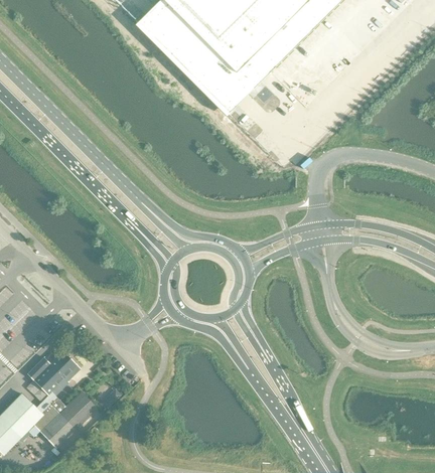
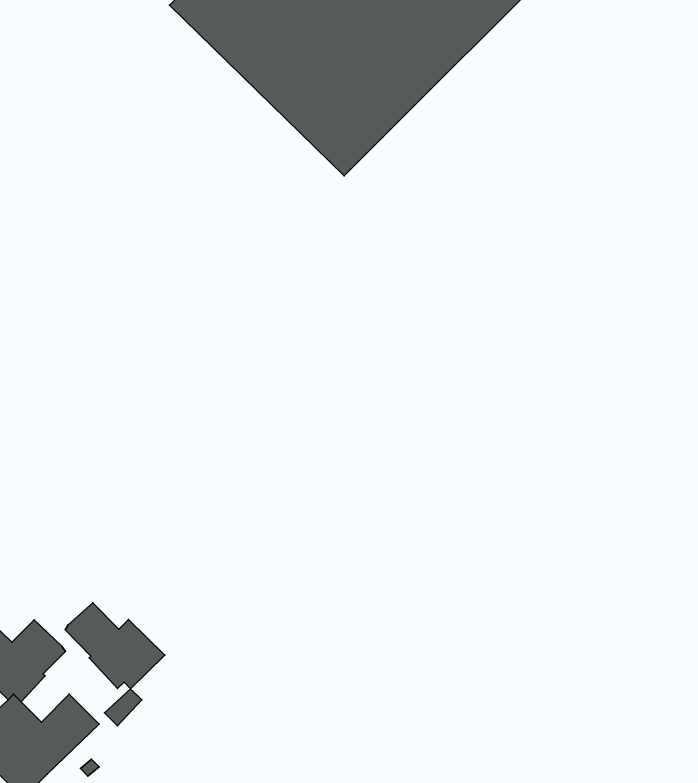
building: none -> [65,603,165,689]

